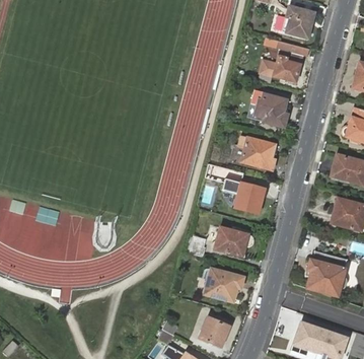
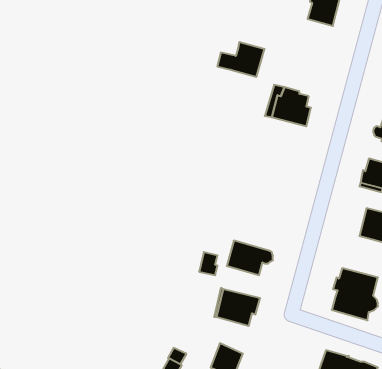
building: [261,51,302,81] -> [217,42,265,77]
building: [238,135,275,169] -> none
building: [210,165,267,213] -> none

